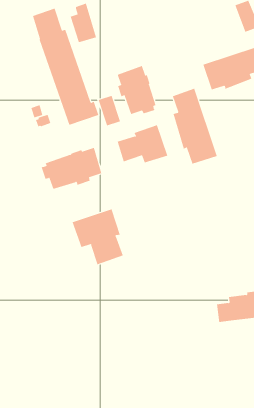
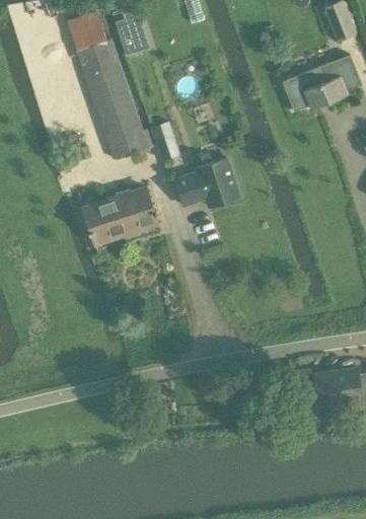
building: [114,65,156,115] -> none
building: [172,88,218,164] -> none
building: [72,209,123,265] -> none

